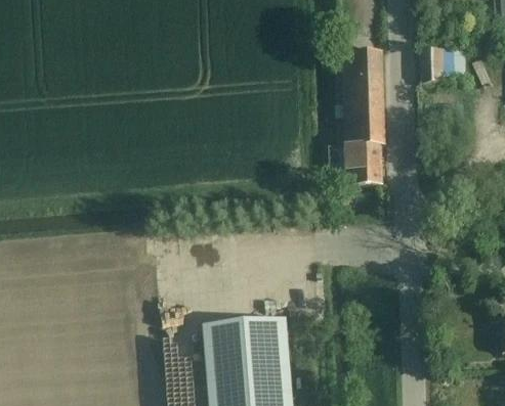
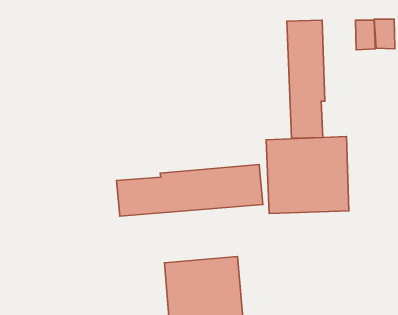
building: none -> [266,136,349,213]
building: none -> [117,165,263,216]

